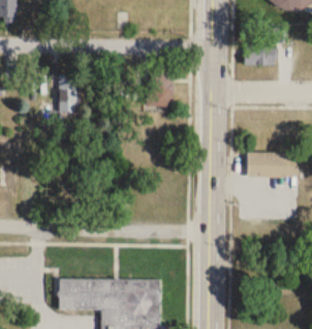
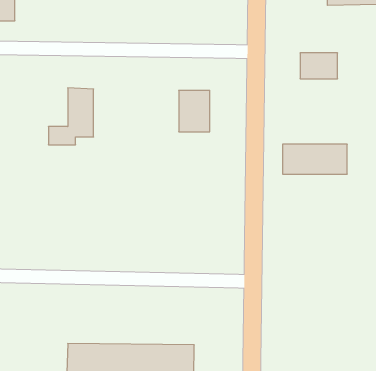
building: [247,154,299,178] -> [283,144,347,174]

